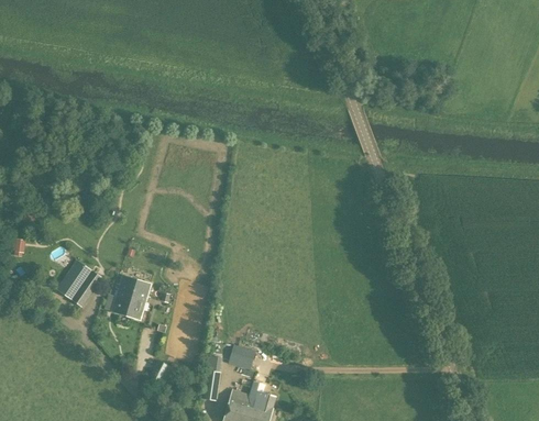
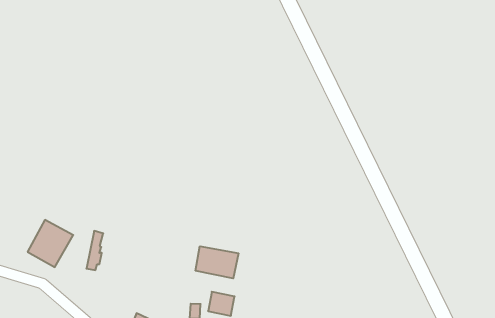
building: [121,278,151,319] -> none
building: none -> [196,246,238,278]

